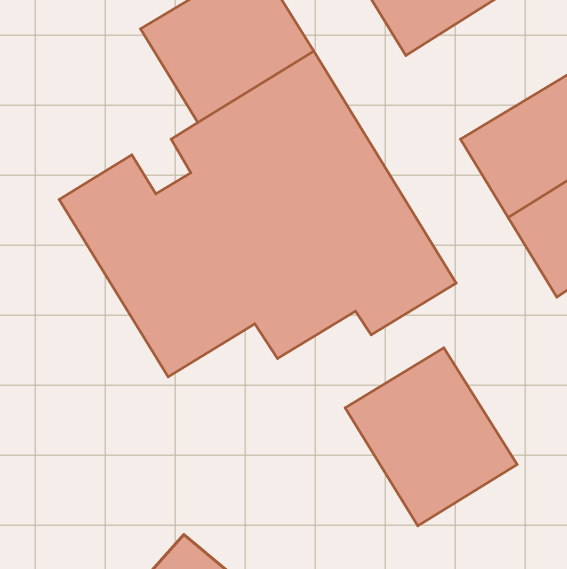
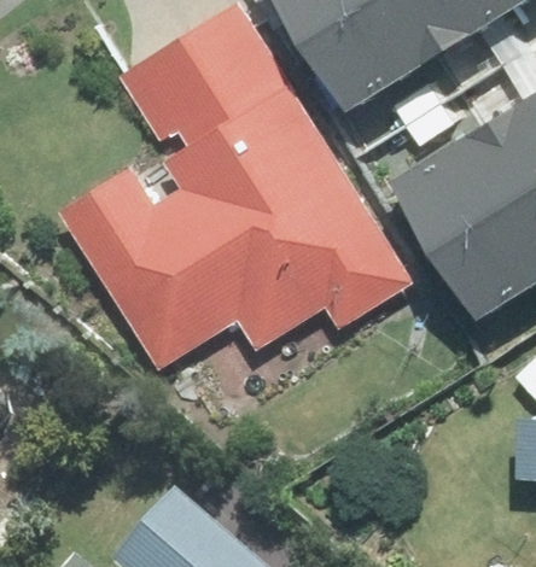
building: [345,348,517,526] -> none

